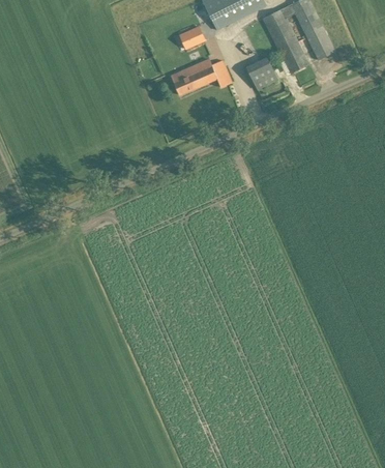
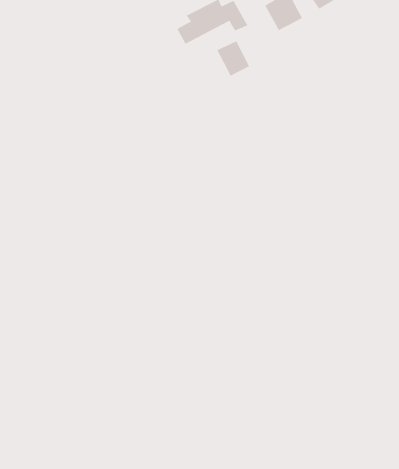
building: none -> [217,41,250,77]

